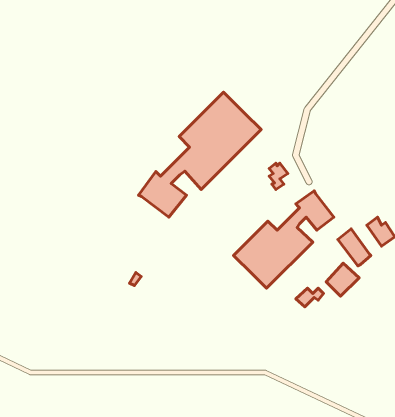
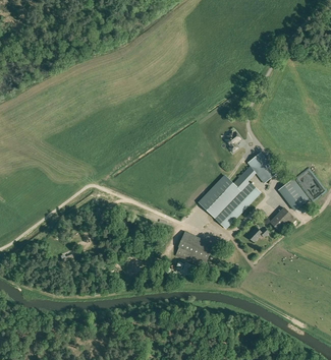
building: [138,92,261,217] -> none
building: none -> [177,231,210,257]

